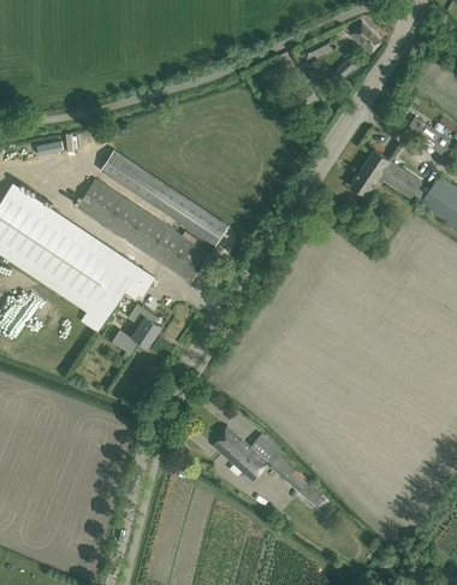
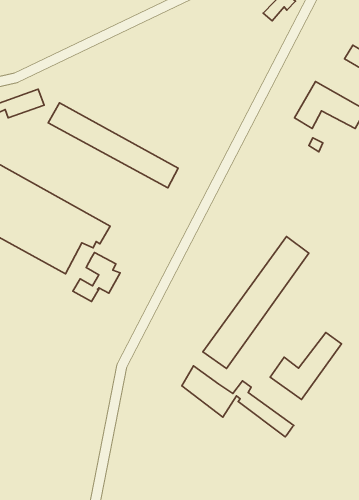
building: [77,179,209,282] -> none
building: none -> [203,236,309,368]
building: none -> [270,332,342,399]

